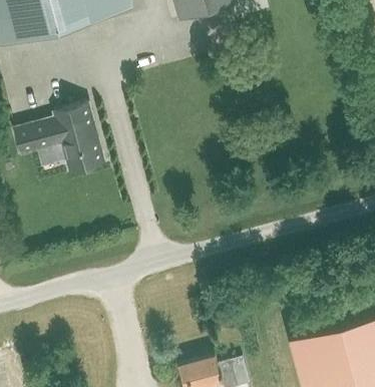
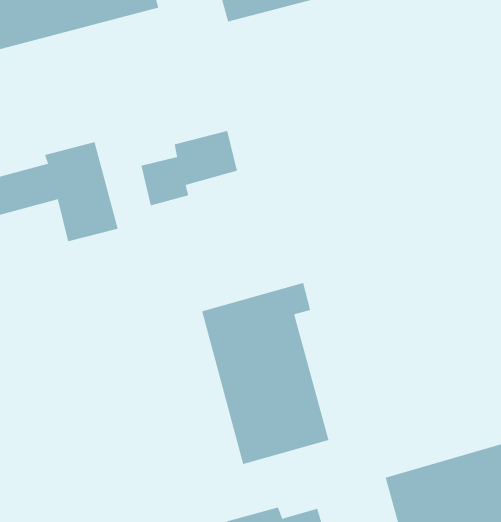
building: none -> [141,130,237,206]
building: none -> [201,282,329,465]

